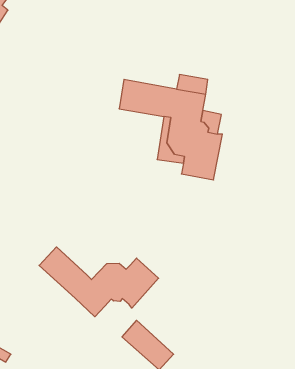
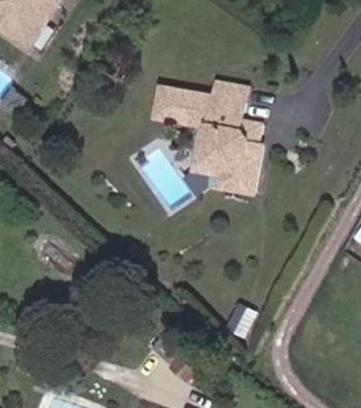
building: [39,247,159,317] -> none

